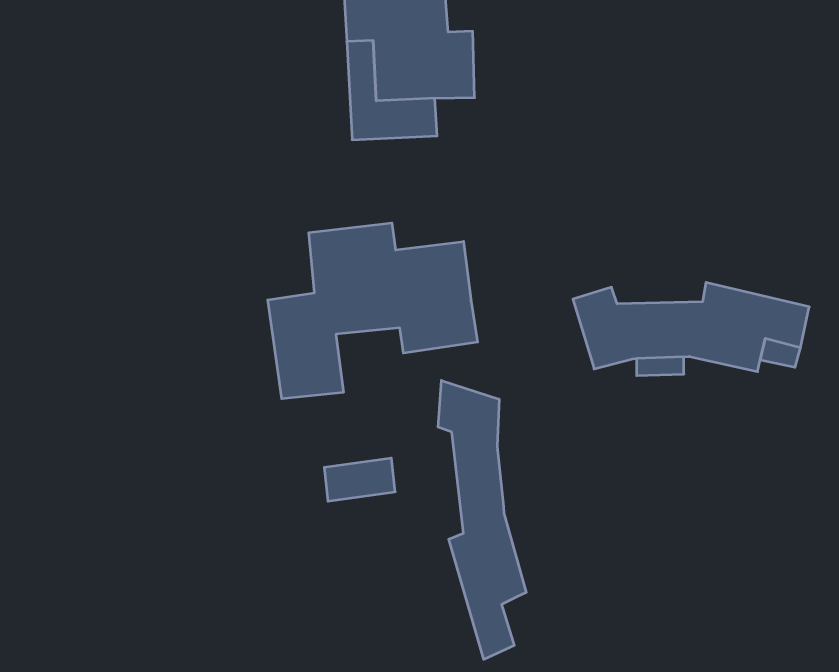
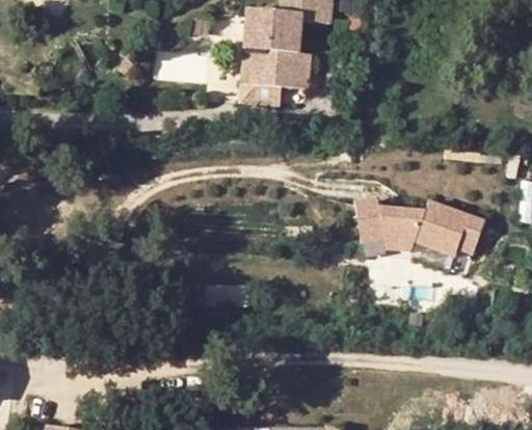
building: [268,223,478,399] -> none
building: [438,380,526,659] -> none

